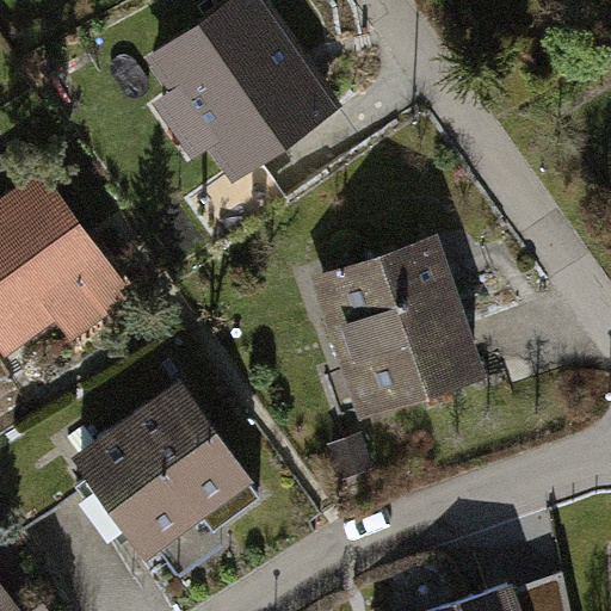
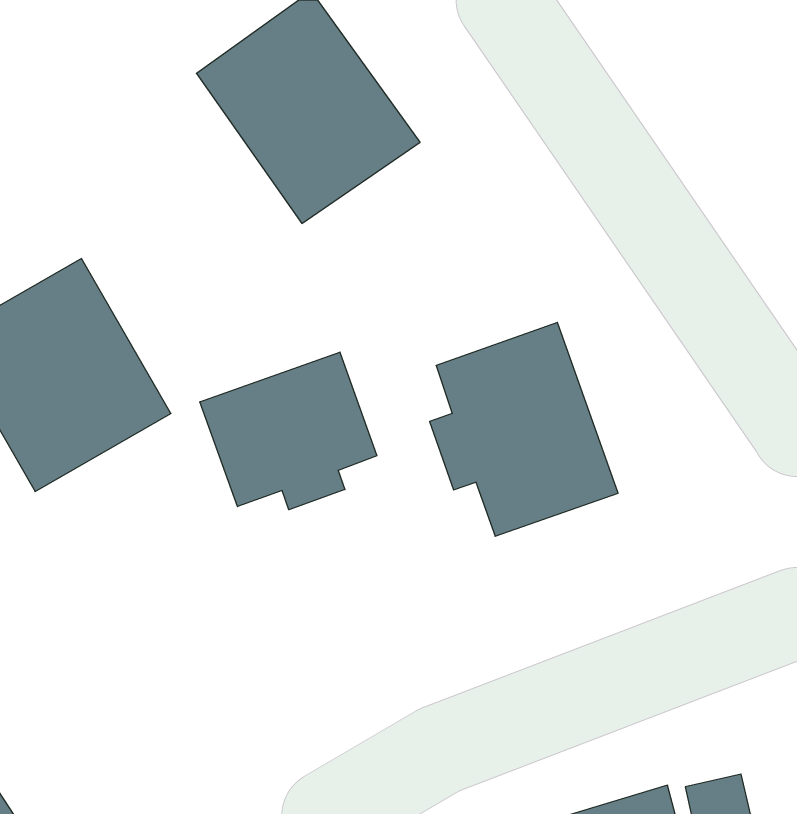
building: none -> [200,352,377,510]
building: [100,399,269,572] -> none

